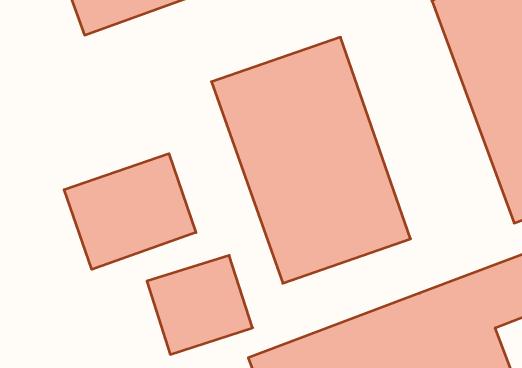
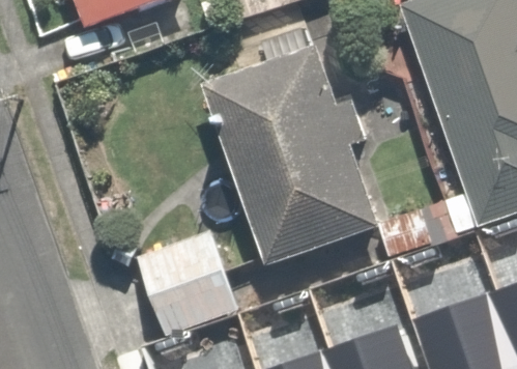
building: [64,154,196,269] -> none

